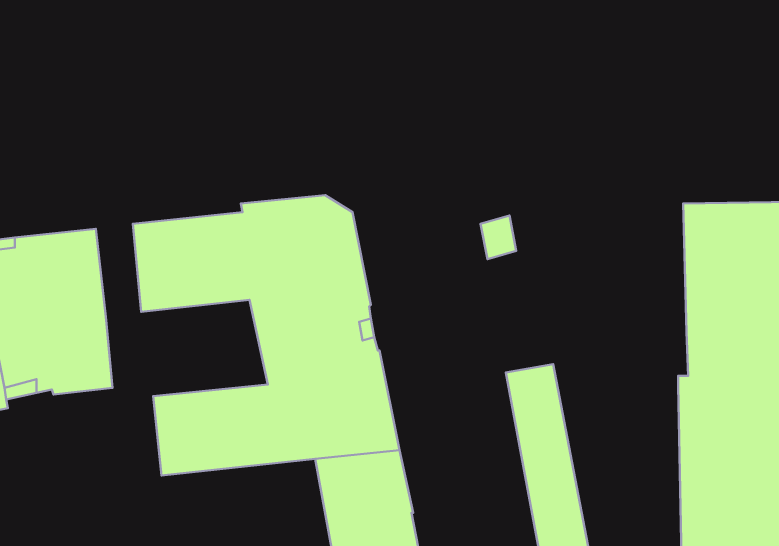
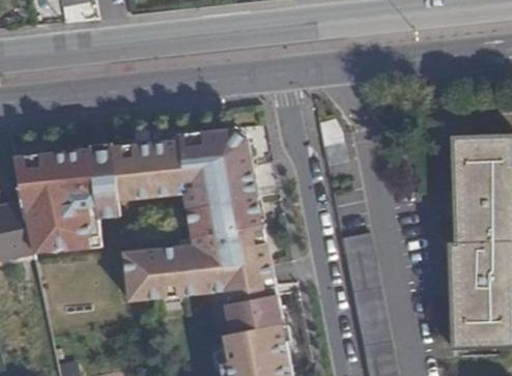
building: none -> [89,146,117,203]

